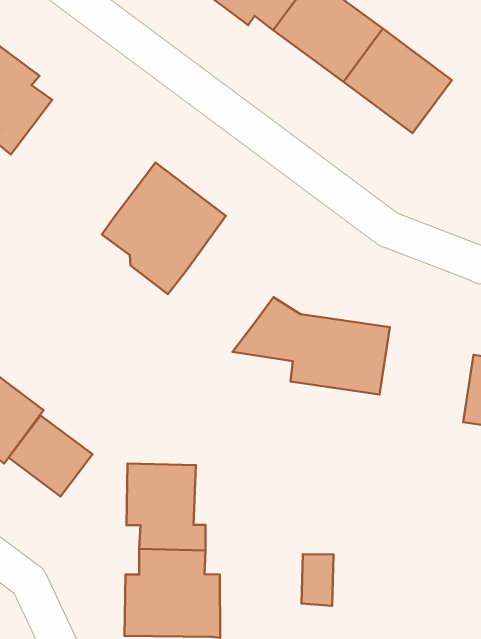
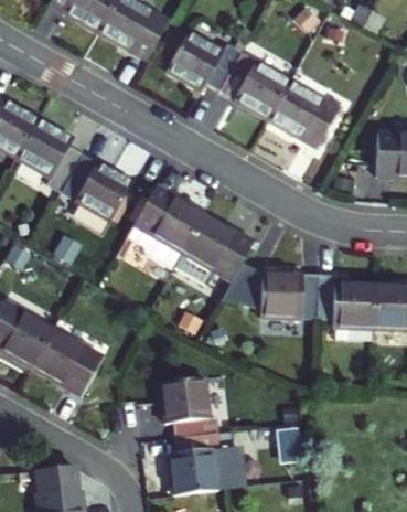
building: none -> [61,153,131,218]
building: none -> [183,214,253,280]
building: none -> [318,273,375,328]
building: [9,415,92,496] -> none

